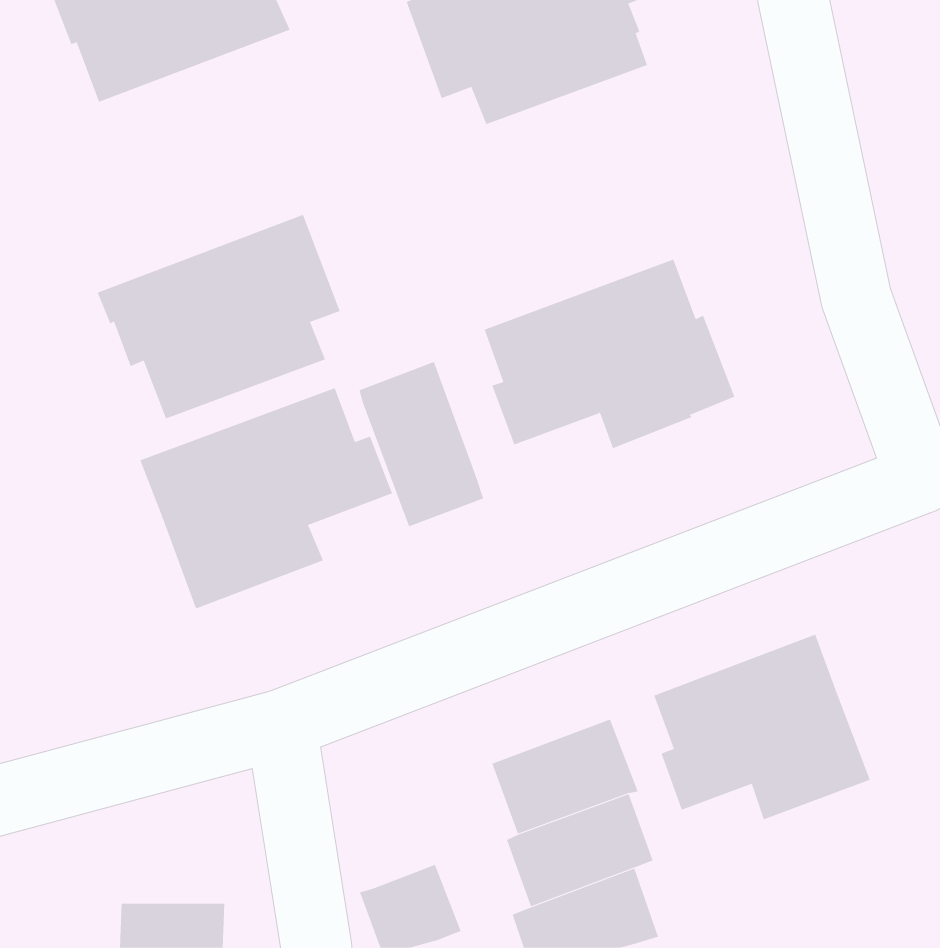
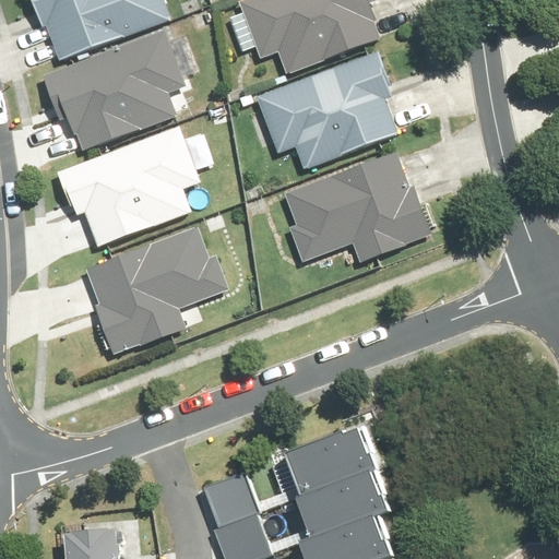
building: none -> [43,29,185,150]
building: none -> [257,51,397,169]
building: [359,361,484,527] -> none
building: [653,634,871,820] -> none
building: none -> [204,468,255,521]

